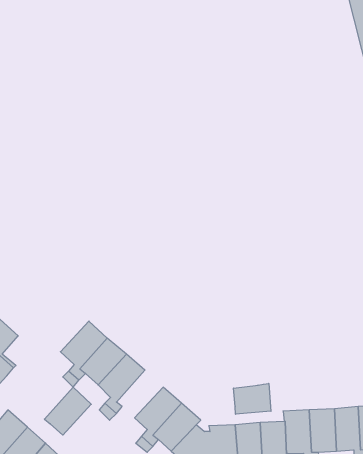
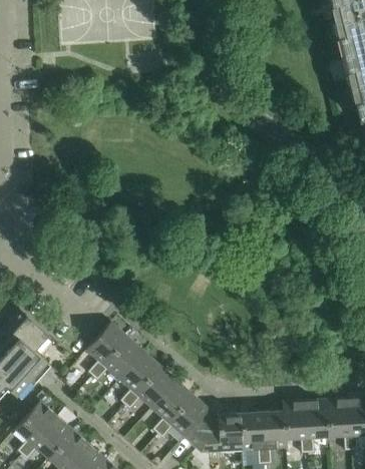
building: [234,383,271,414] -> none
building: [44,387,91,435] -> [136,366,177,408]

